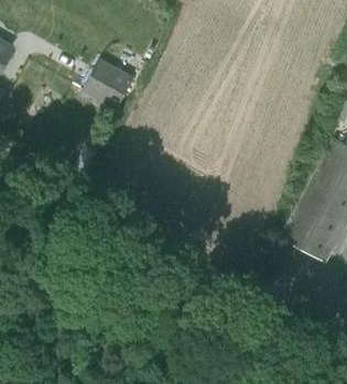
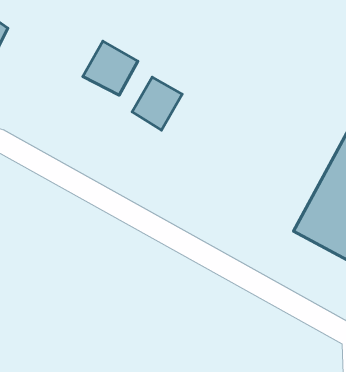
building: none -> [132,77,182,130]

